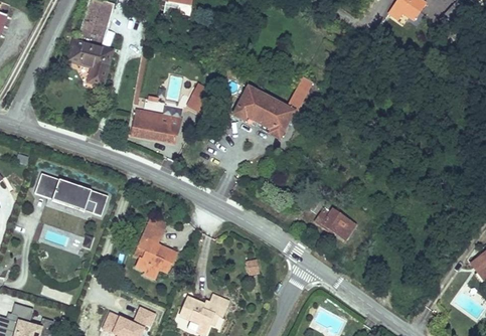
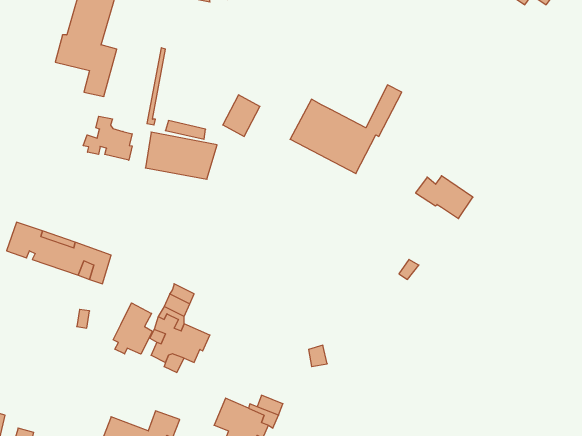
building: none -> [83,116,132,160]
building: [315,208,355,238] -> [416,176,473,219]
building: none -> [113,303,153,354]

